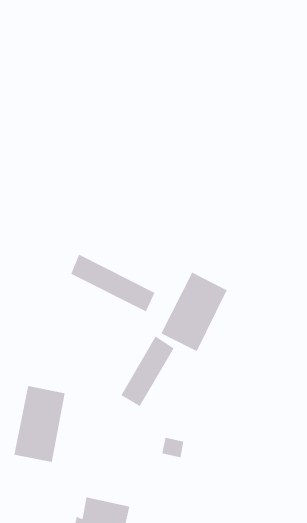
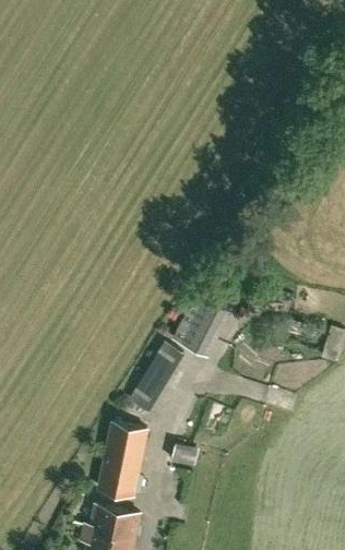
building: [70,254,155,312] -> none
building: [14,386,65,462] -> [96,421,148,499]

